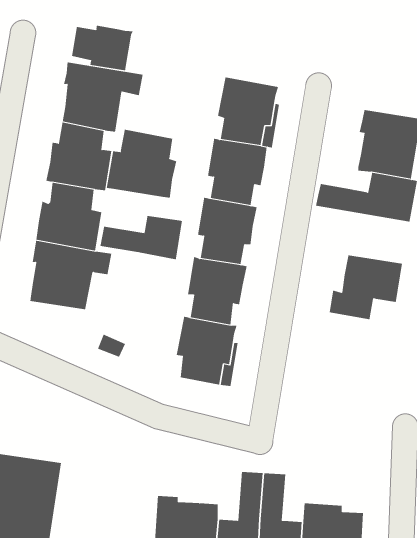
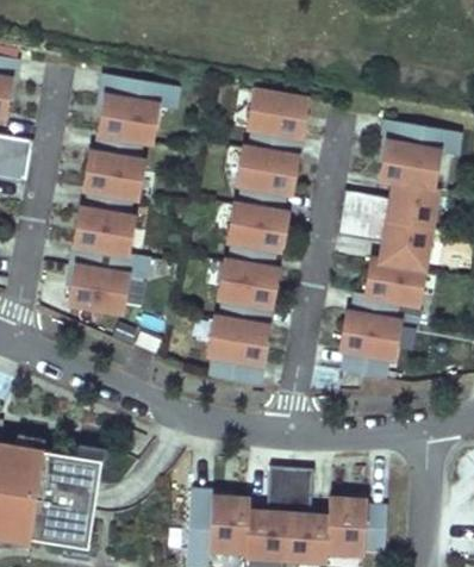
building: [71,25,133,71] -> none
building: [106,129,177,199] -> none
building: none -> [338,214,431,269]
building: [100,215,183,260] -> none
building: none -> [341,314,398,379]

